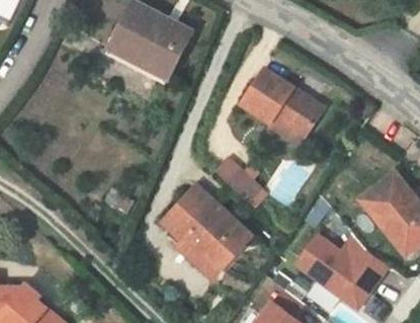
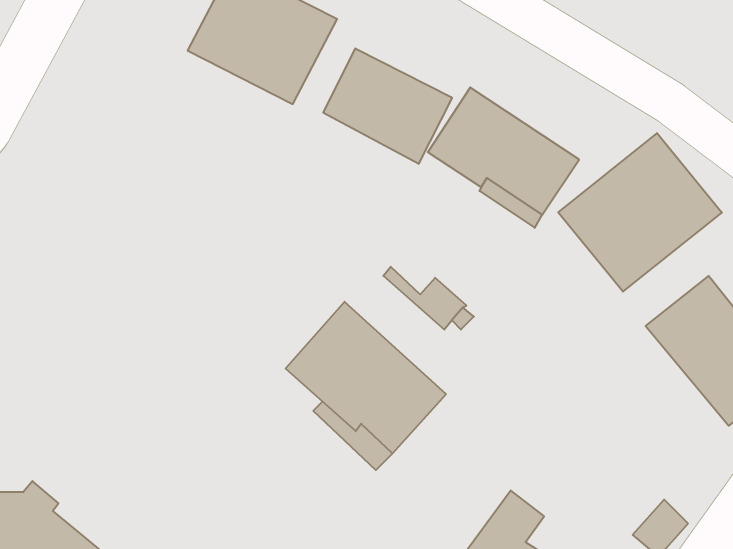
building: none -> [323,48,452,164]
building: none -> [558,133,722,292]
building: [296,232,386,308] -> none

